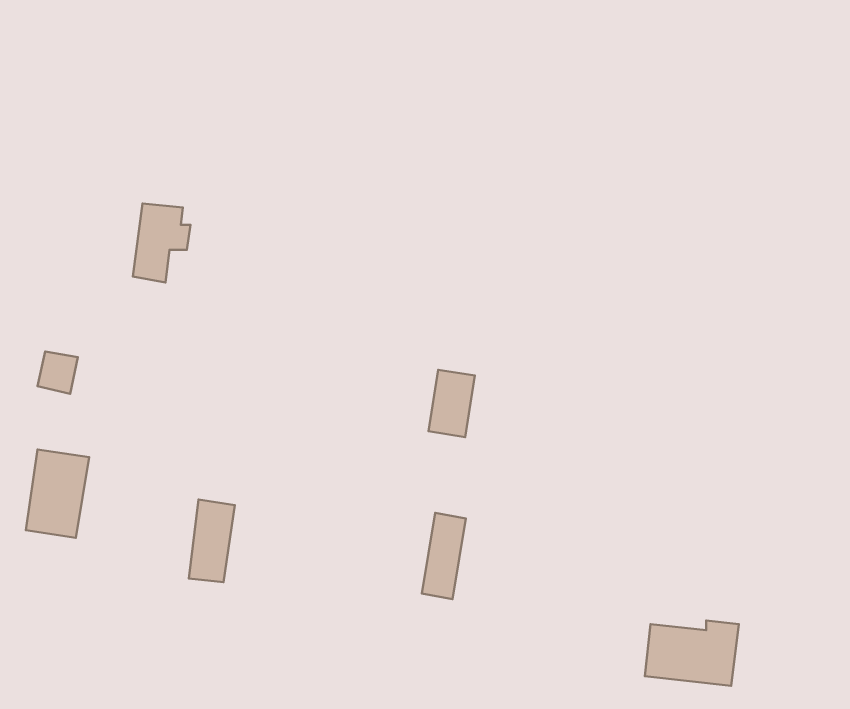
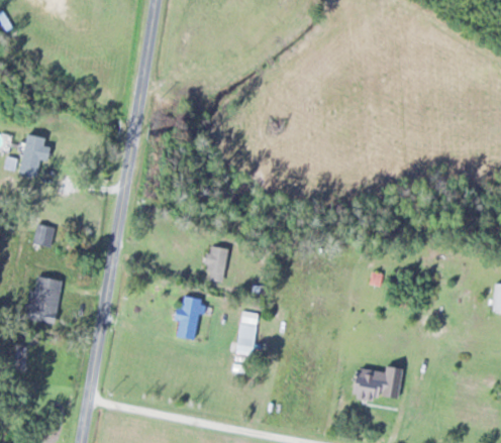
building: [133,204,191,282] -> [19,134,49,176]
building: [429,370,475,437] -> [204,245,228,281]
building: [189,500,235,582] -> [177,295,201,338]

